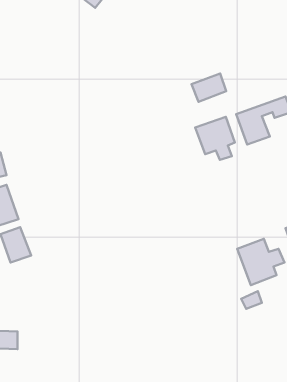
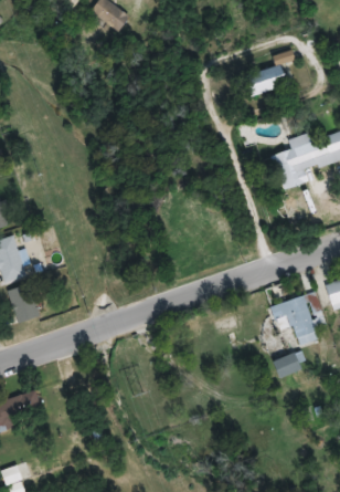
building: [192,73,226,102] -> [248,63,287,95]
building: [195,117,235,160] -> none

